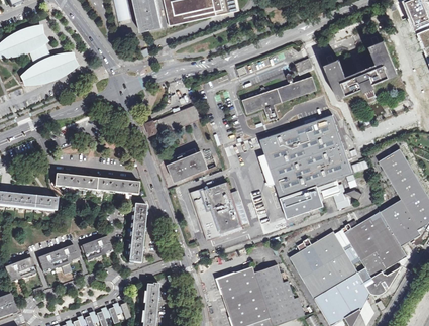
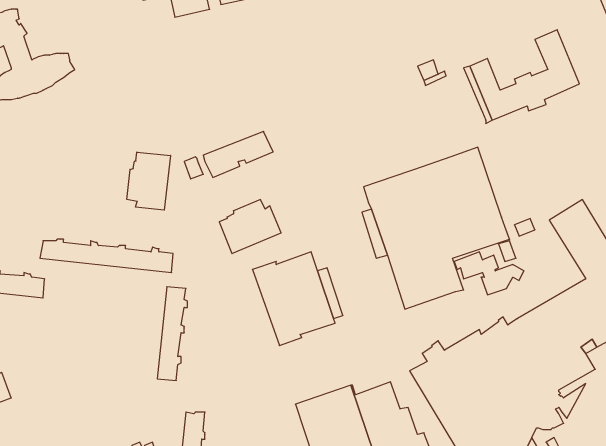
building: [241,76,316,120] -> none
building: none -> [127,152,170,210]
building: [81,235,111,260] -> none
building: [37,244,78,274] -> none

